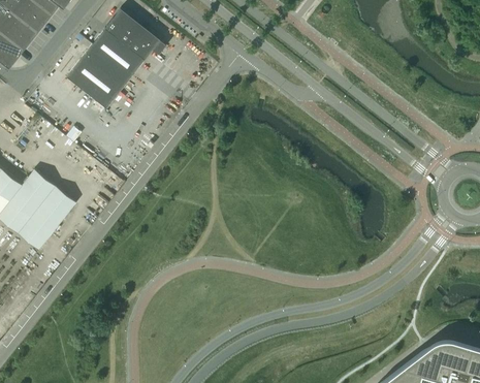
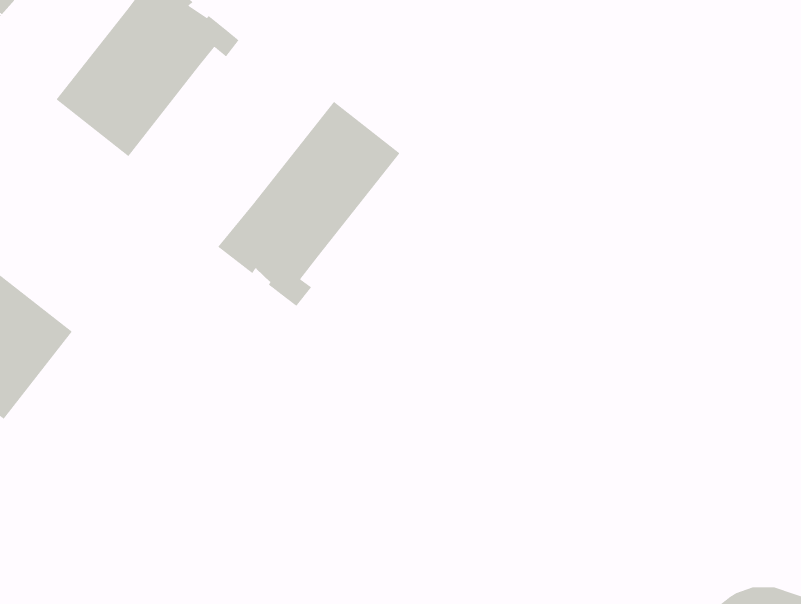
building: none -> [217,101,400,307]

